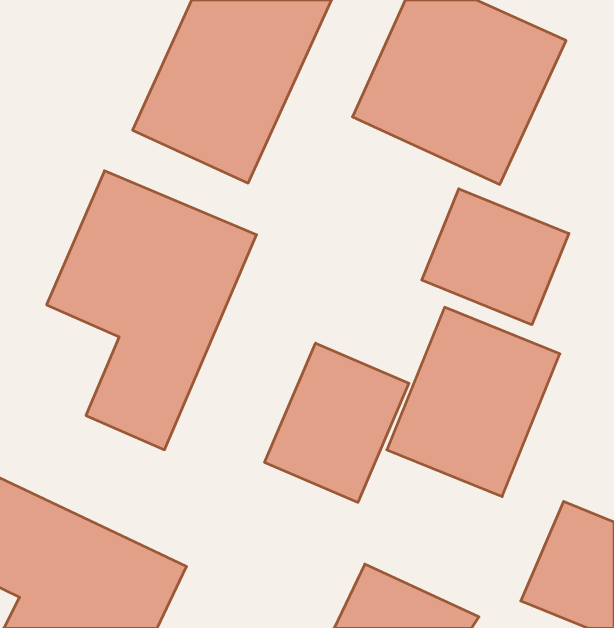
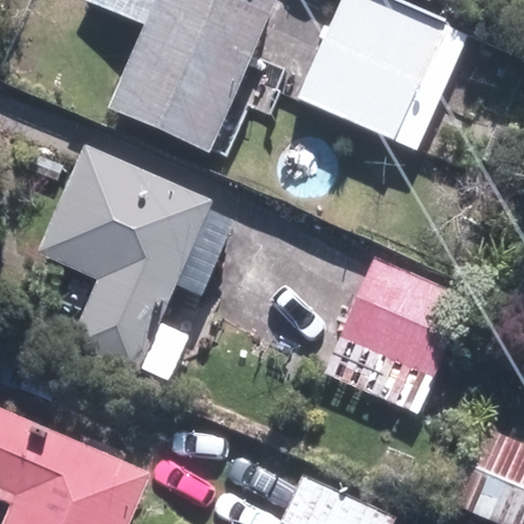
building: [422,189,569,325] -> none
building: [265,343,409,502] -> none

